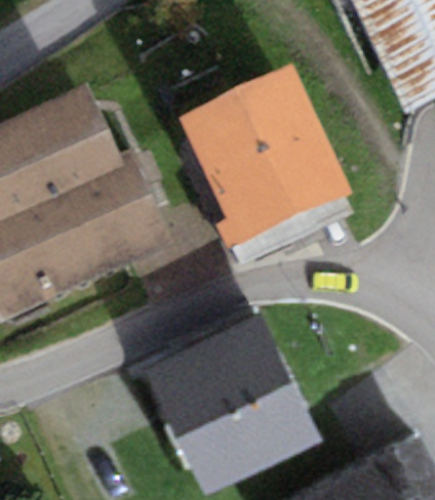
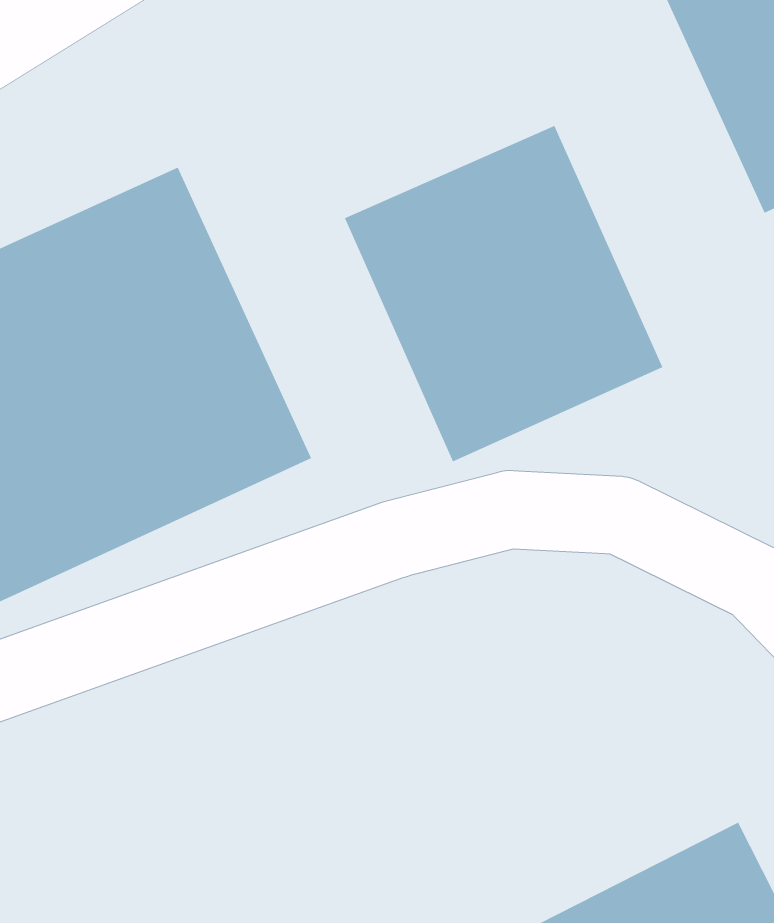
building: [158,312,318,469] -> none

